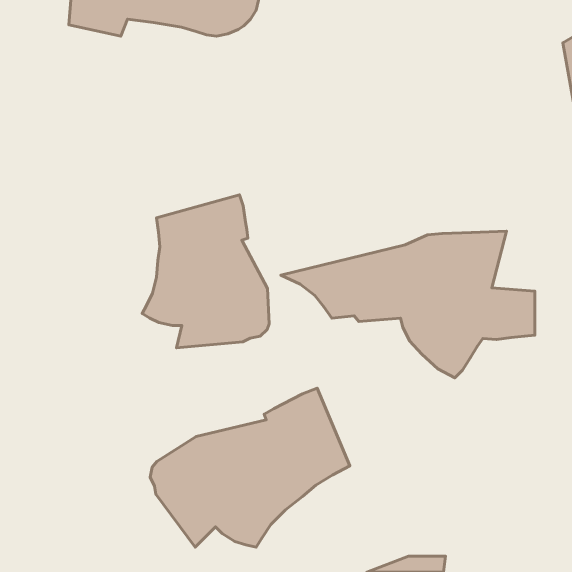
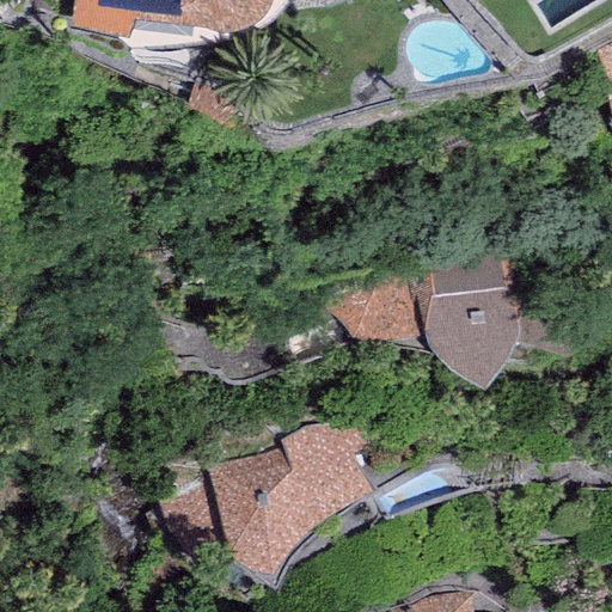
building: [142,195,269,348] -> none

